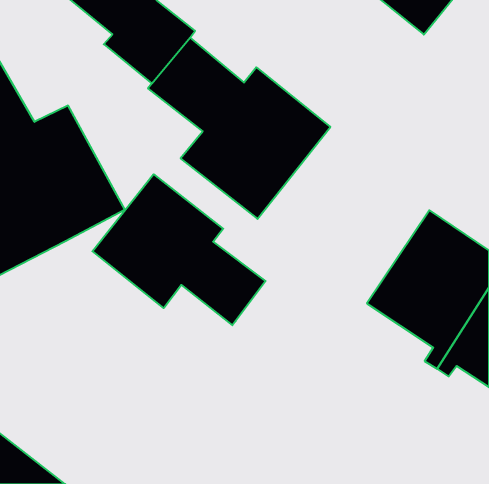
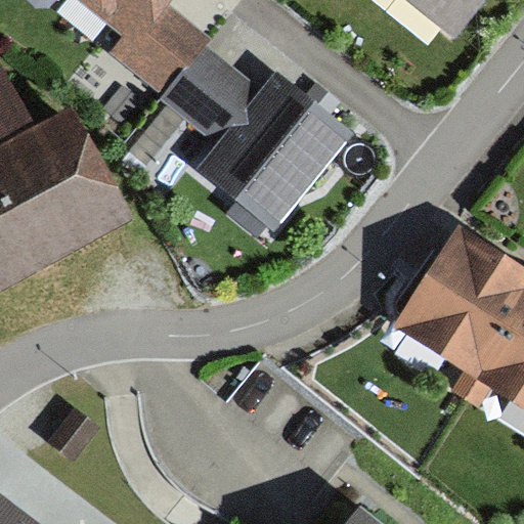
building: [92,174,266,325] -> none

